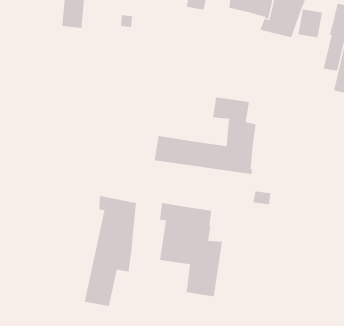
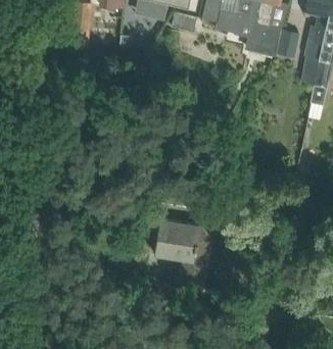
building: [154,97,256,175] -> none
building: [84,195,136,307] -> none

